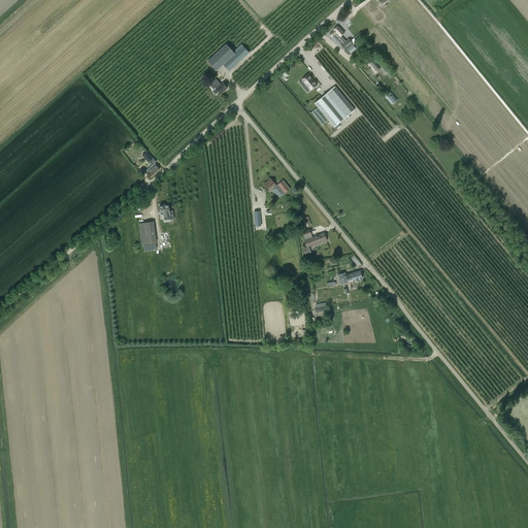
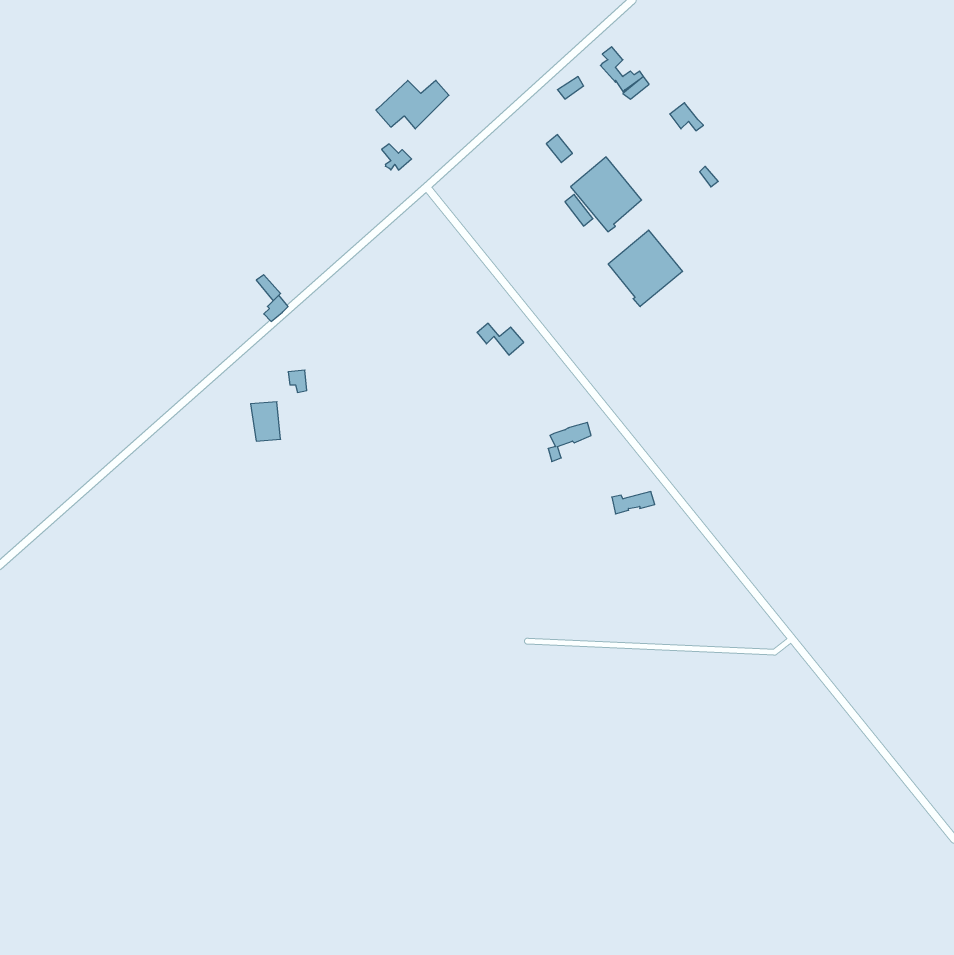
building: none -> [608,230,683,307]

